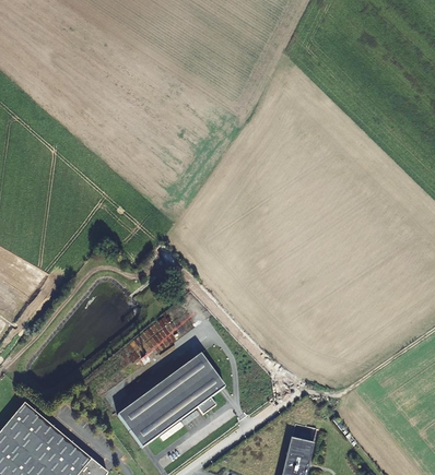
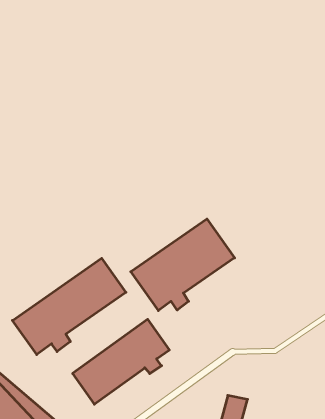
building: none -> [131,219,235,311]
building: none -> [12,258,126,355]

